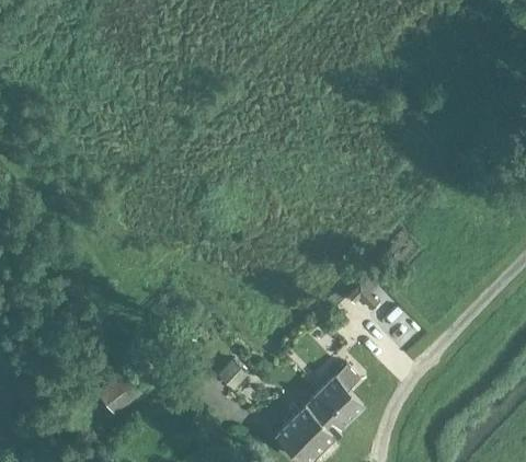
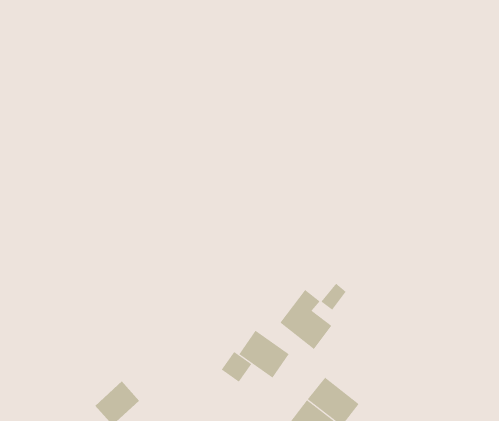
building: none -> [238,330,290,378]
building: [315,369,363,426] -> [280,289,332,350]

